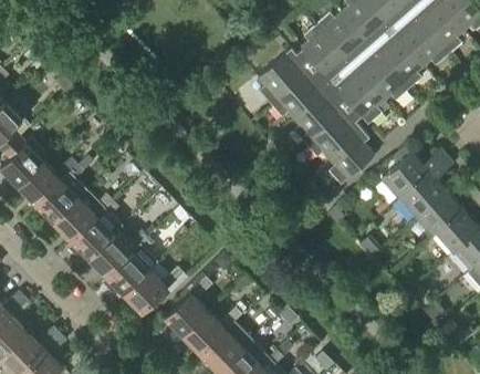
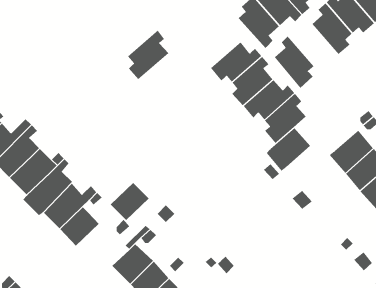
building: [258,49,303,103] -> [127,30,169,80]
building: [354,55,408,101] -> none
building: [382,149,430,197] -> [266,127,311,172]
building: [125,271,168,313] -> [110,182,150,221]

